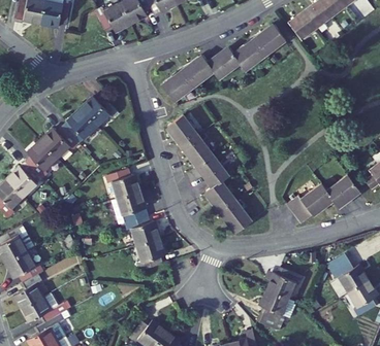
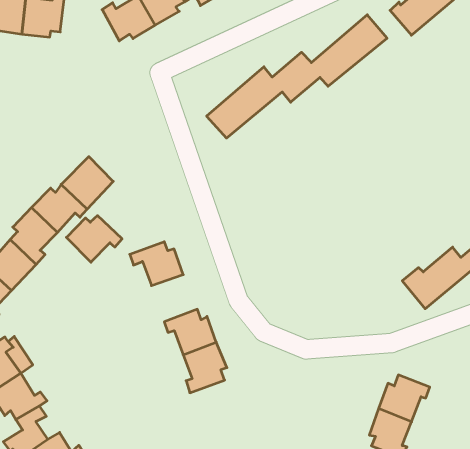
building: [81,96,118,127] -> [66,216,122,262]
building: [166,114,251,233] -> none
building: [118,192,148,222] -> none

